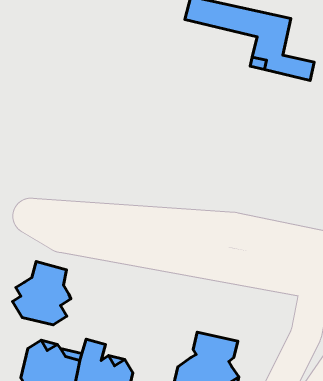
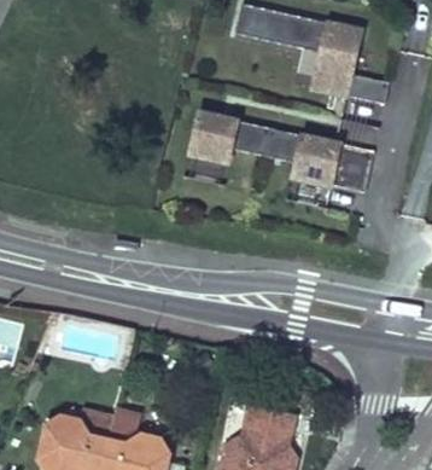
building: none -> [189,111,372,192]
building: [12,261,71,325] -> none

